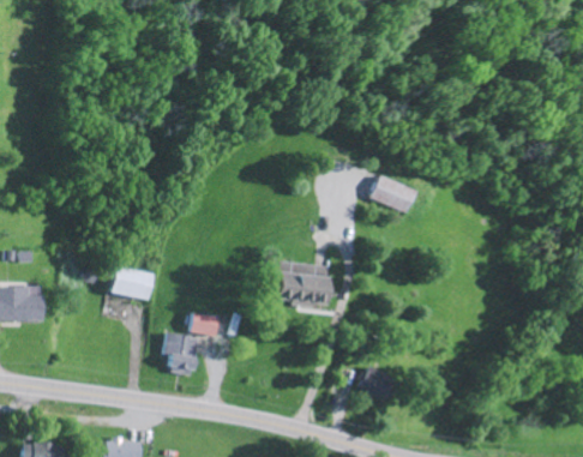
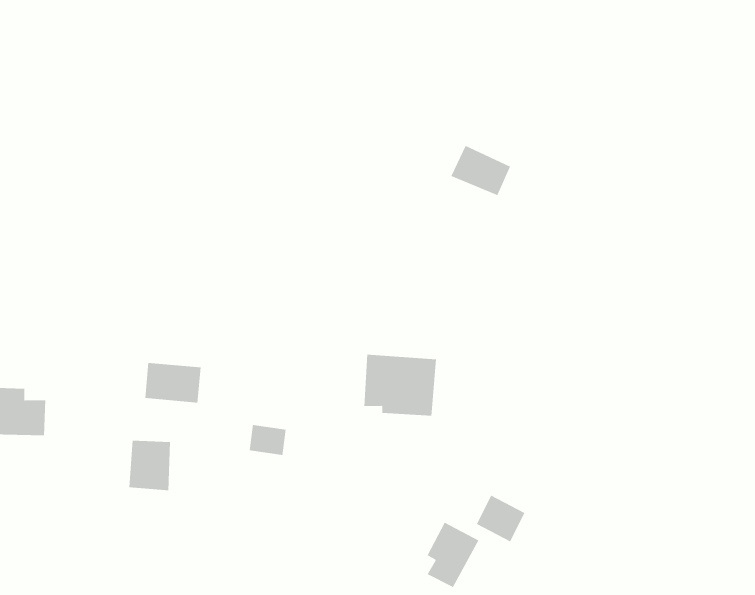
building: [372,175,416,212] -> [450,145,511,196]
building: [166,335,197,372] -> [128,440,171,491]
building: none -> [427,522,479,588]

